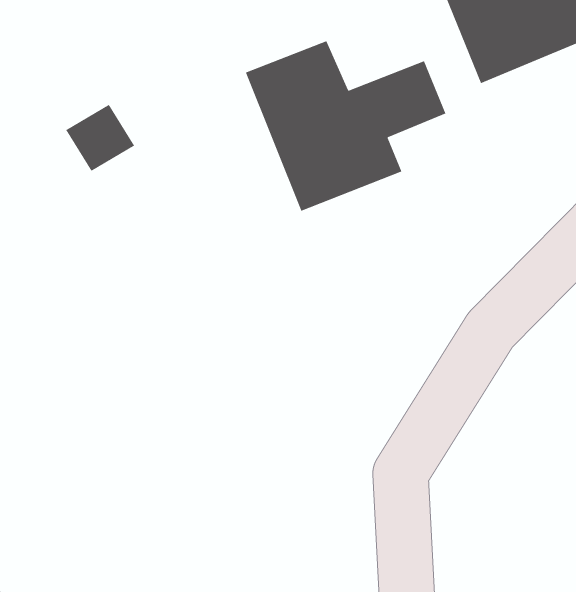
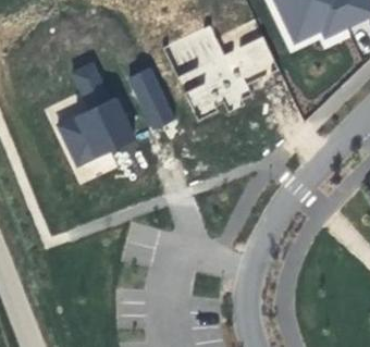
building: none -> [125,66,175,131]
building: none -> [53,95,137,168]

